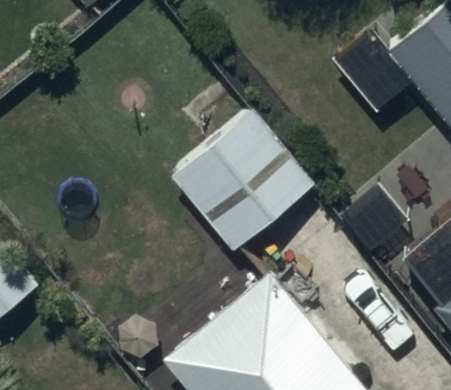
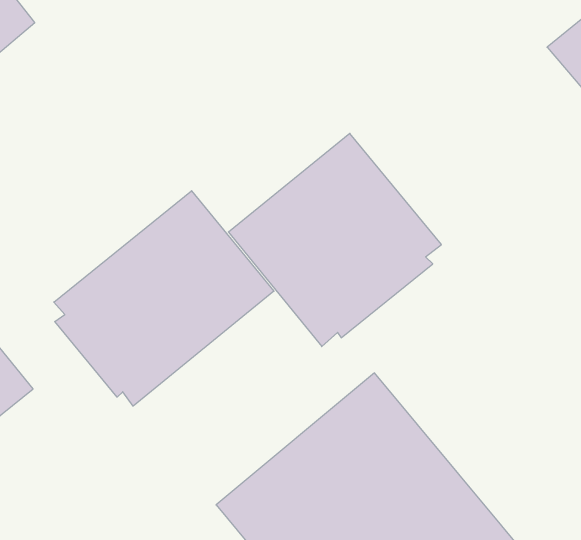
building: none -> [54,191,274,406]

